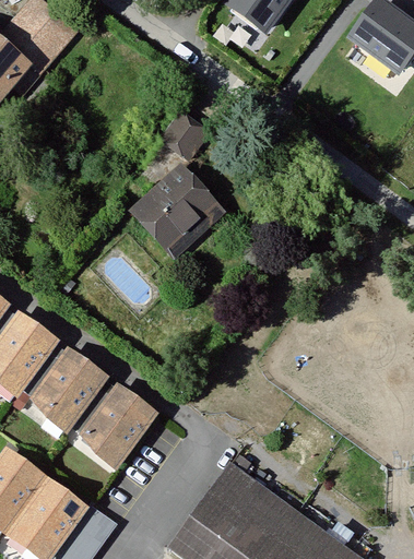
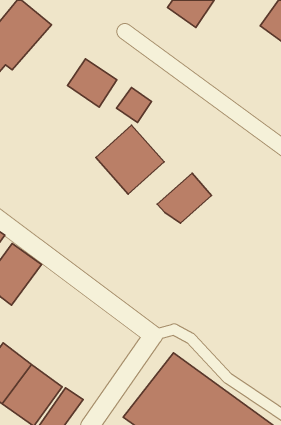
building: none -> [68,59,117,107]
building: none -> [157,173,211,223]
building: [34,355,107,435] -> none
building: [84,390,157,471] -> none

